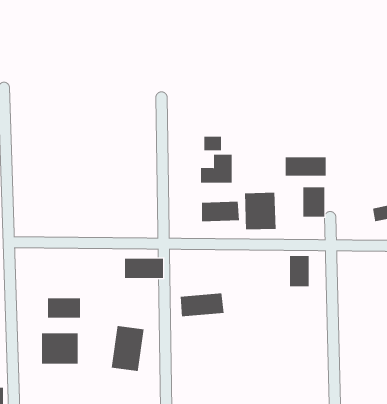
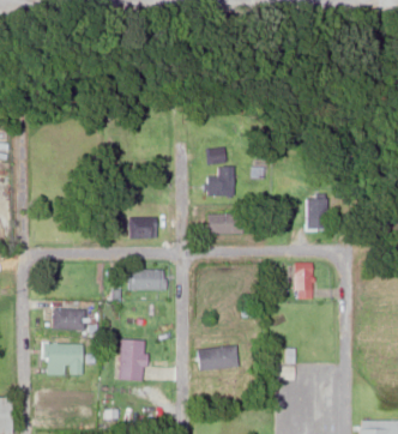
building: [285,156,326,177] -> none
building: [244,192,276,230] -> none
building: none -> [129,217,158,239]
building: [180,293,224,317] -> [197,346,241,370]

